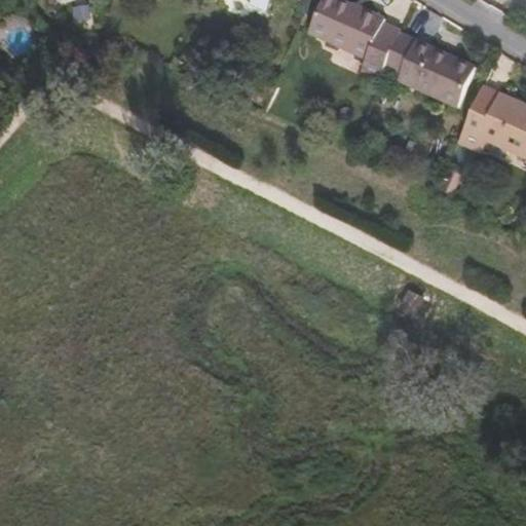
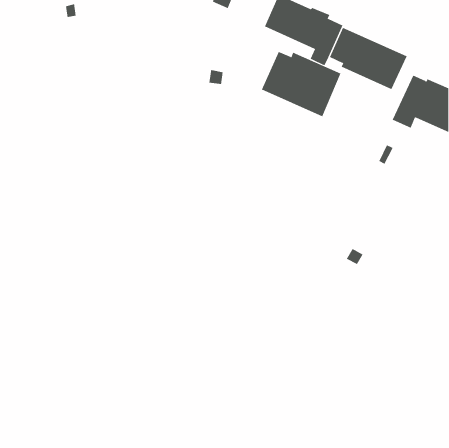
building: none -> [261,51,341,117]

